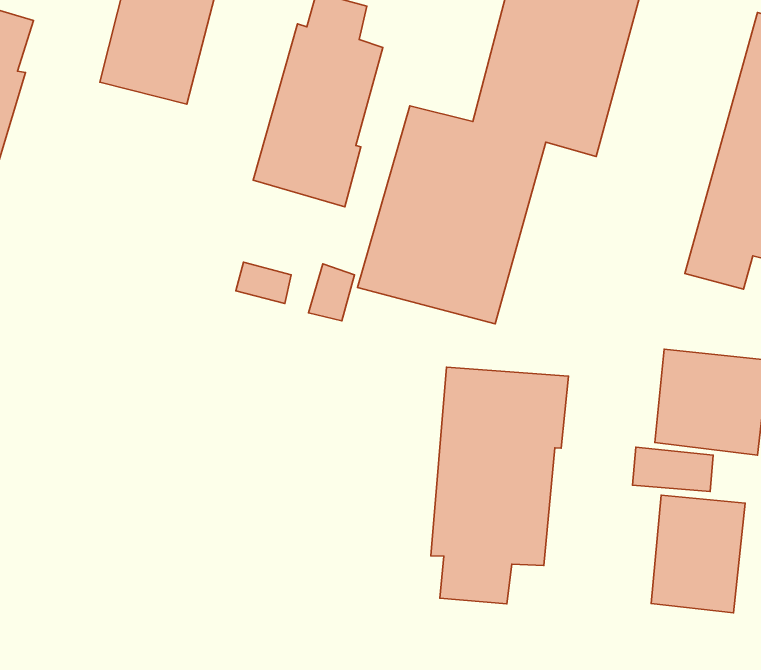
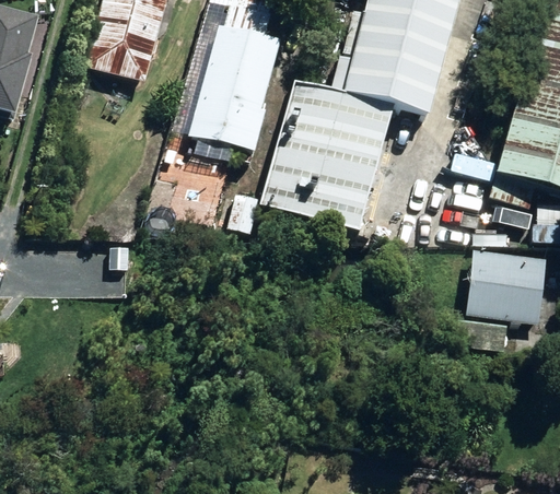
building: [431,367,569,604] -> none
building: [651,495,745,613] -> none

